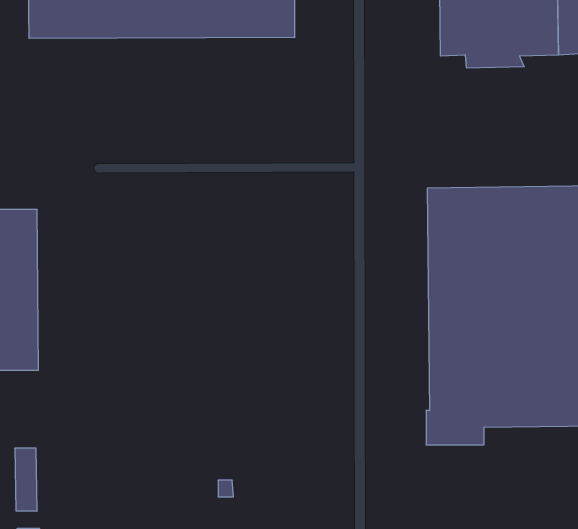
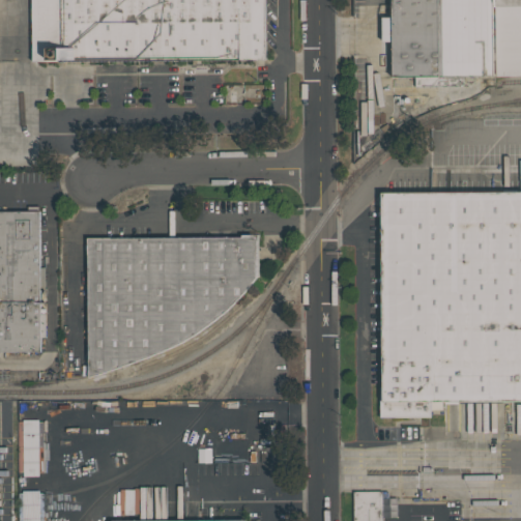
building: none -> [87,238,258,377]

